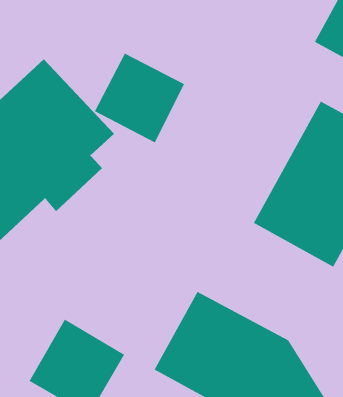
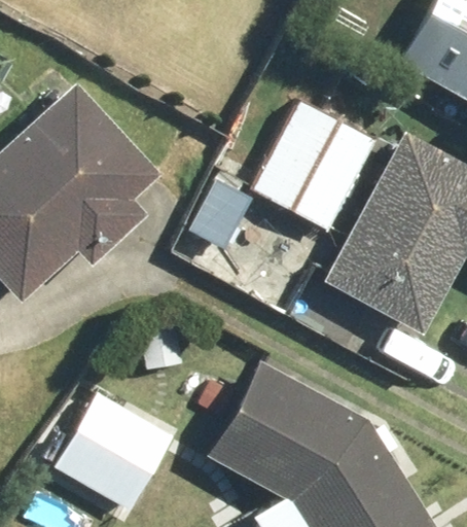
building: [94,53,185,143] -> none
building: none -> [255,104,375,232]

